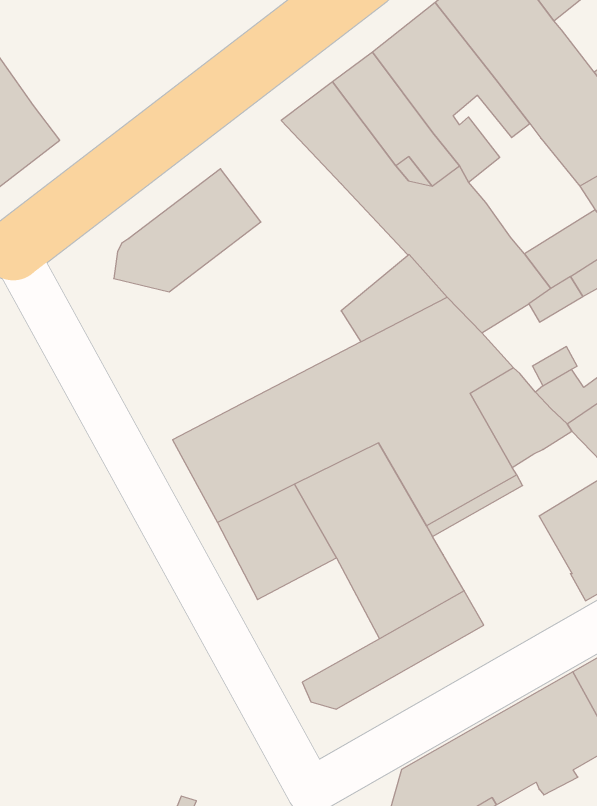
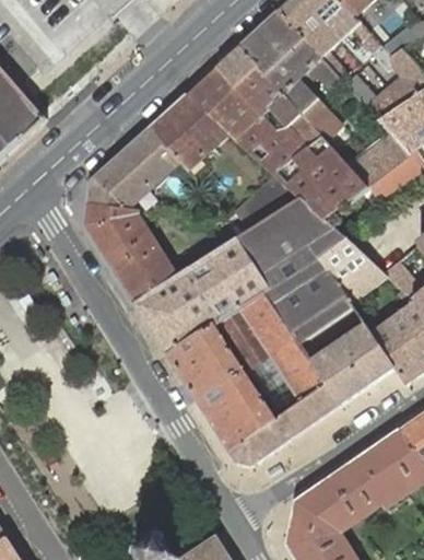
building: none -> [151,94,228,168]
building: none -> [85,203,176,303]
building: none -> [313,325,396,405]
building: none -> [197,370,276,451]

